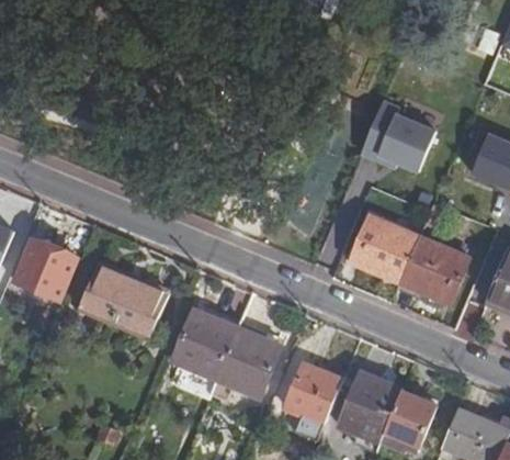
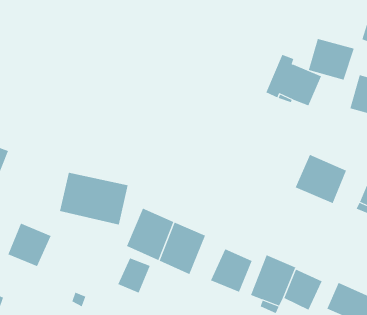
building: none -> [308,38,354,81]
building: [350,215,418,281] -> none
building: [14,239,73,299] -> [7,223,51,267]
building: none -> [118,258,150,293]

